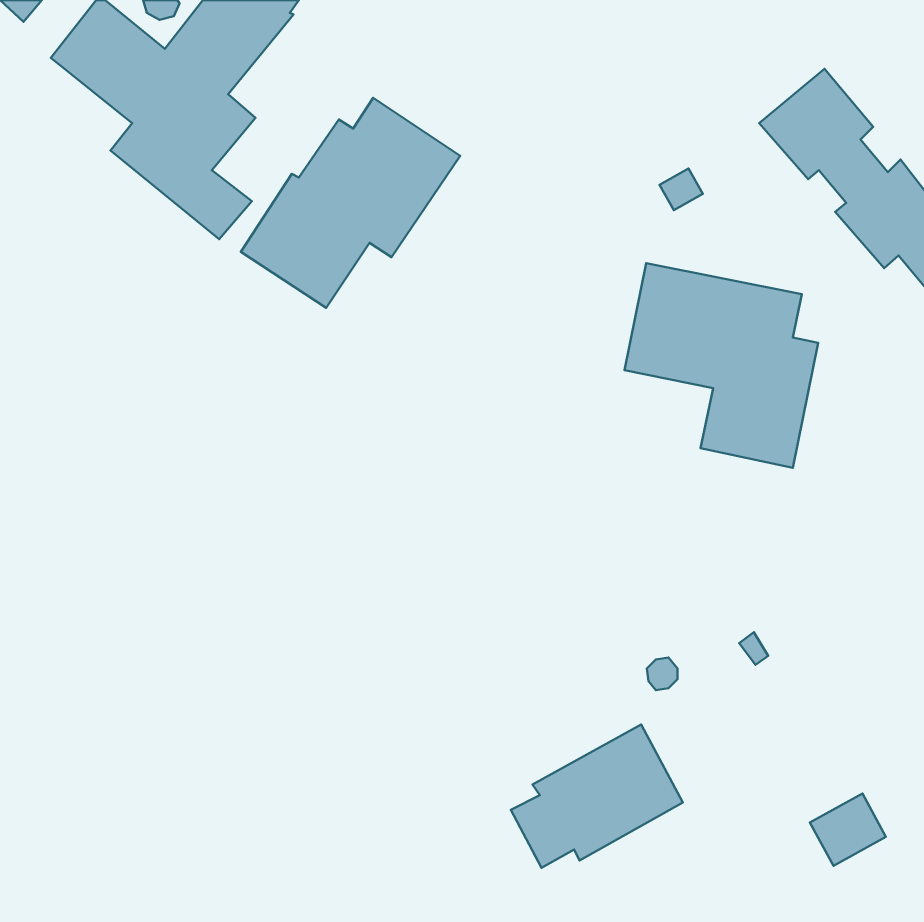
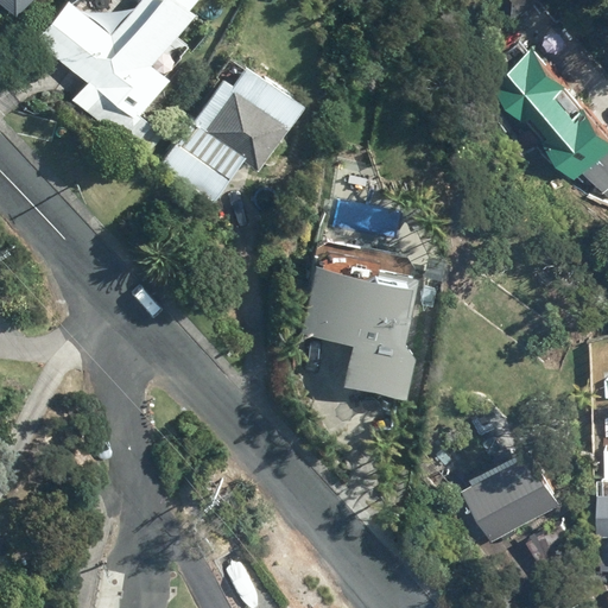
building: [624,263,818,468] -> [297,259,424,393]
building: [511,725,683,868] -> [452,452,565,546]

